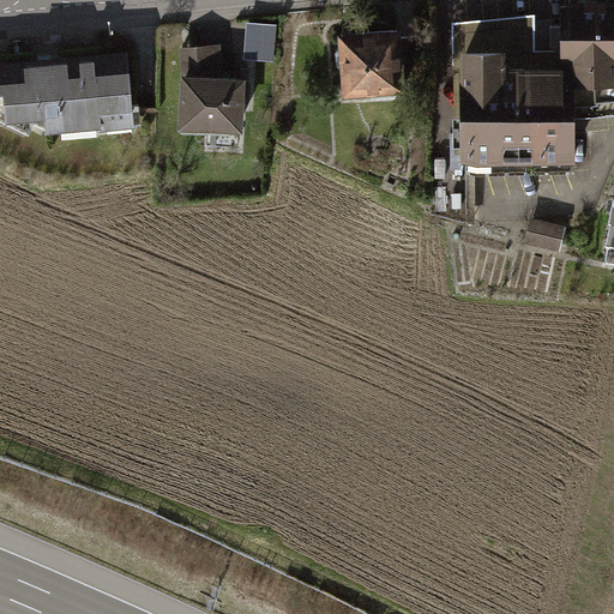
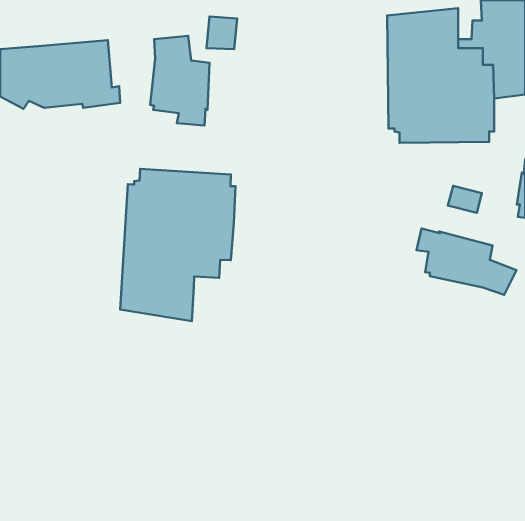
building: [344,31,410,98] -> none
building: none -> [120,169,236,321]
building: none -> [416,229,516,295]

